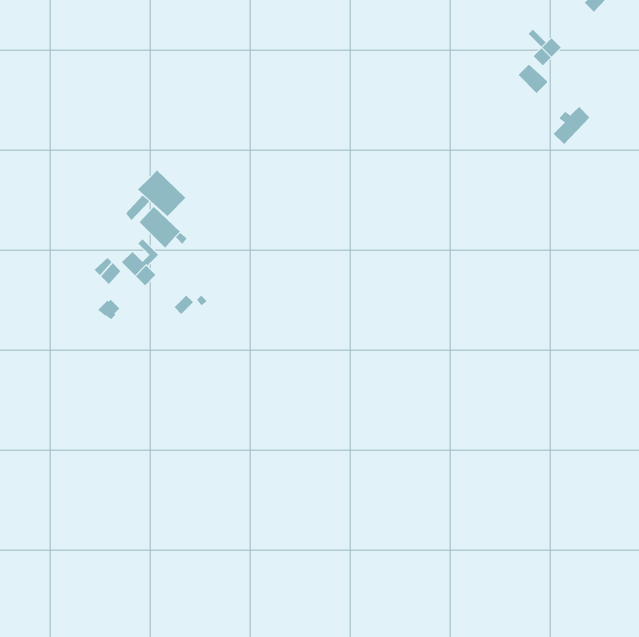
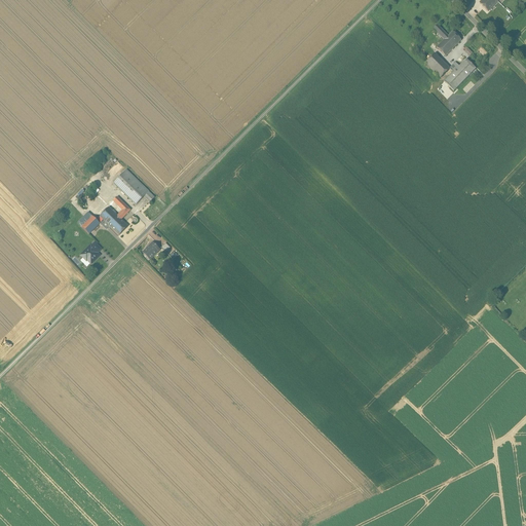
building: [553,106,590,145] -> [445,58,476,89]
building: [137,169,186,217] -> none

